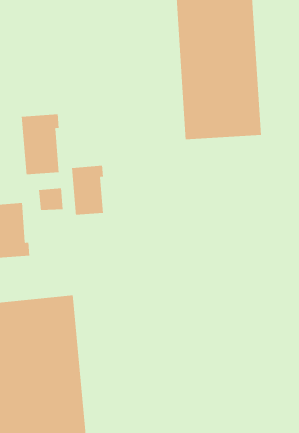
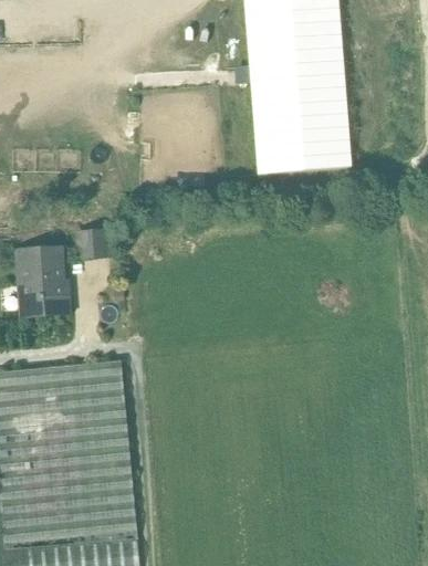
building: [21,113,59,175] -> none
building: [71,165,104,215] -> none

